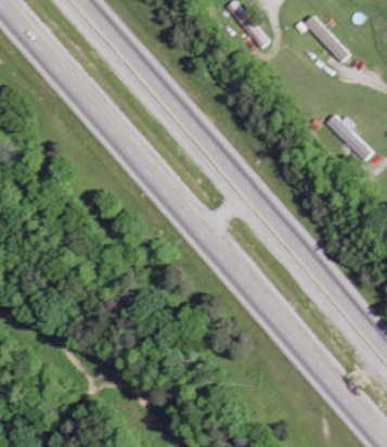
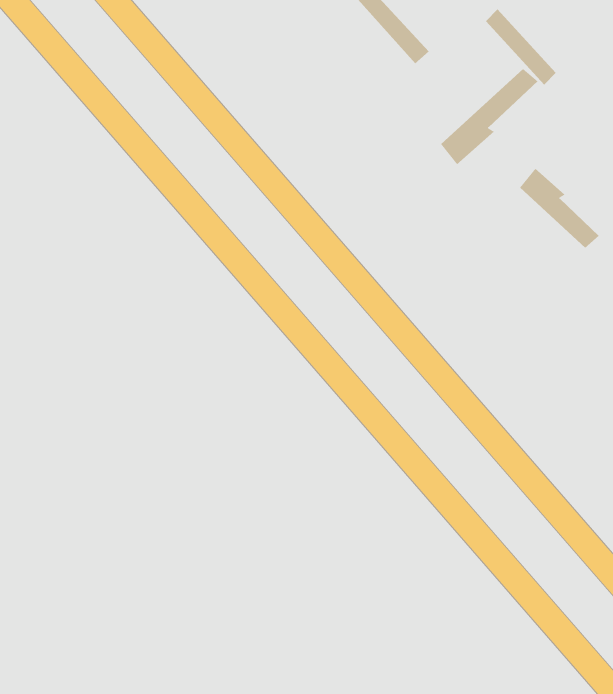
building: none -> [440,68,538,165]

